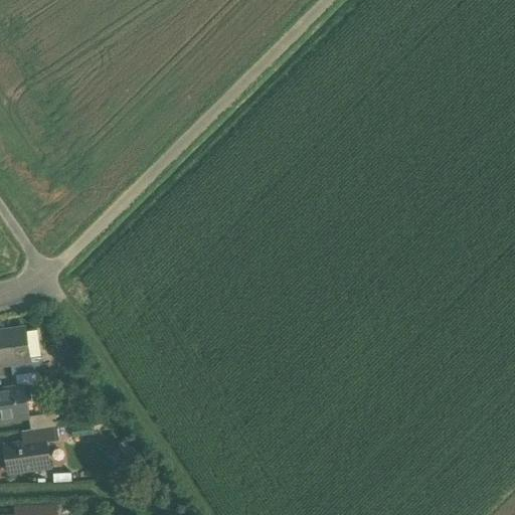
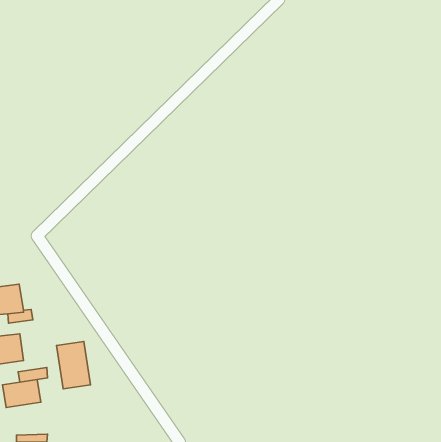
building: none -> [57,341,90,389]

